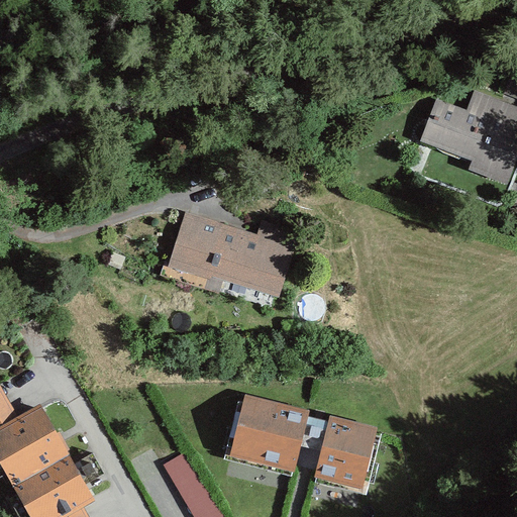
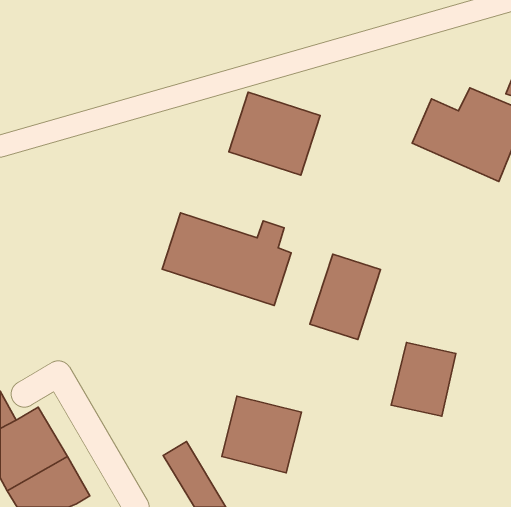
building: none -> [229,92,320,175]
building: none -> [310,254,380,340]
building: [313,418,378,492] -> [391,343,456,416]

